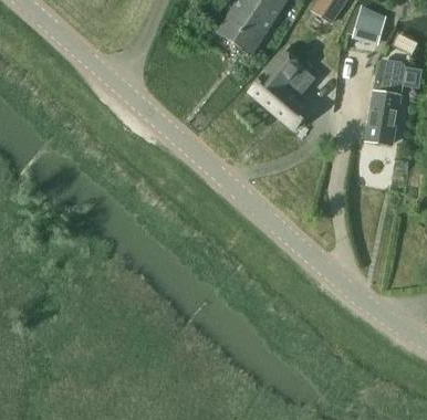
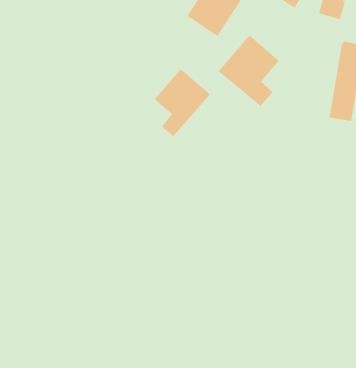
building: none -> [154,68,211,137]

